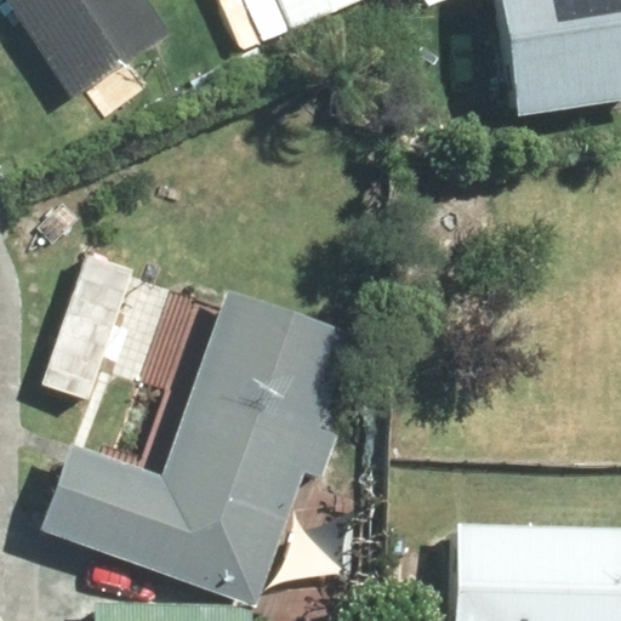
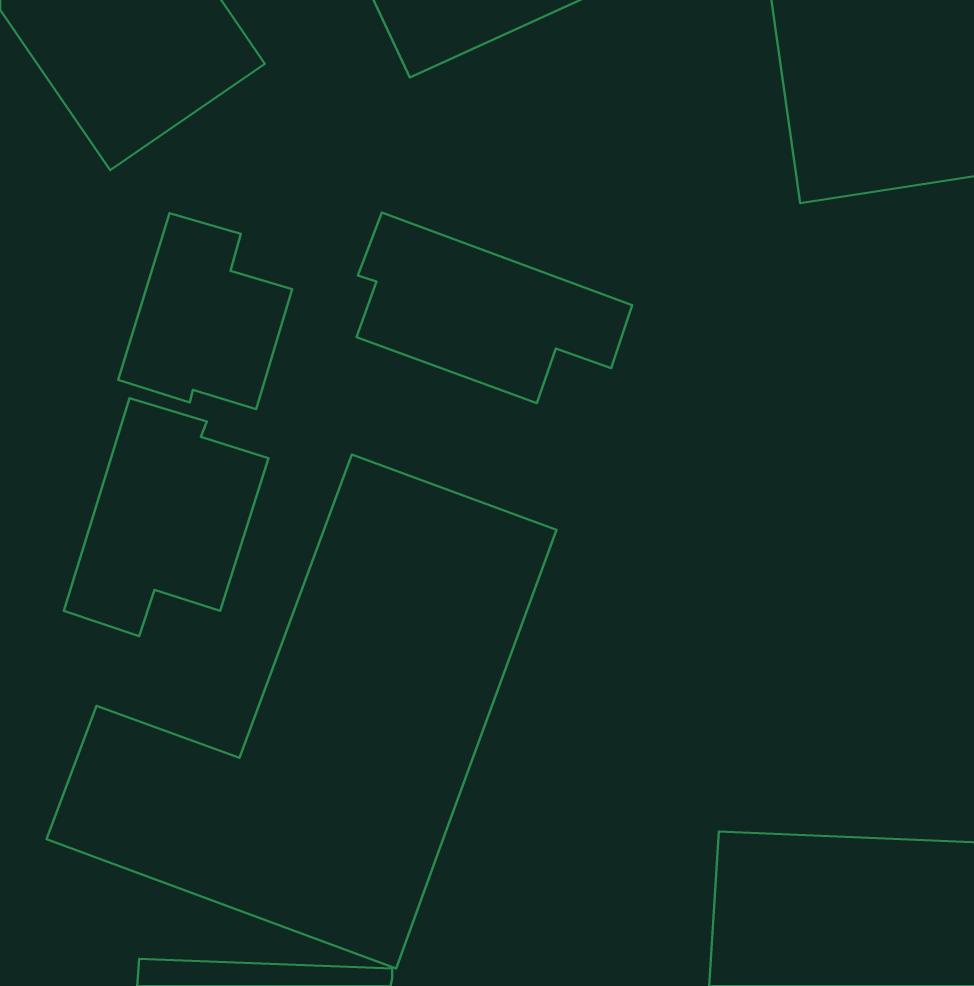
building: none -> [356,212,632,403]
building: none -> [118,213,292,409]

